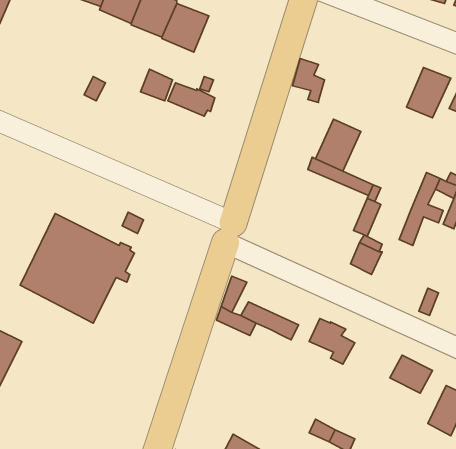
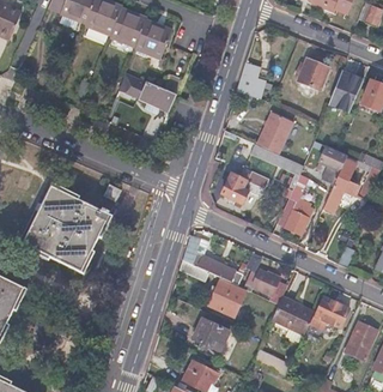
building: none -> [294,58,328,89]
building: none -> [314,144,344,182]
building: none -> [221,173,265,204]
building: none -> [207,277,244,316]
building: none -> [270,296,314,334]
building: none -> [191,318,229,350]

